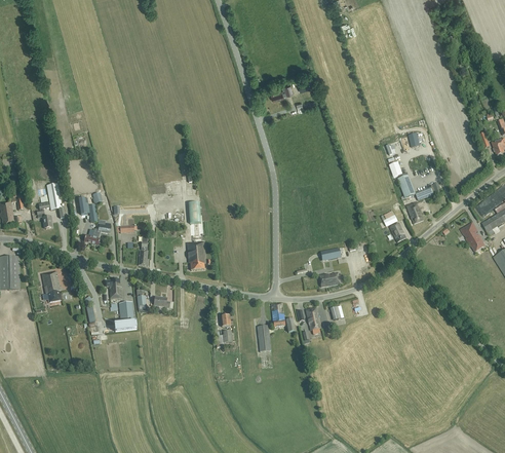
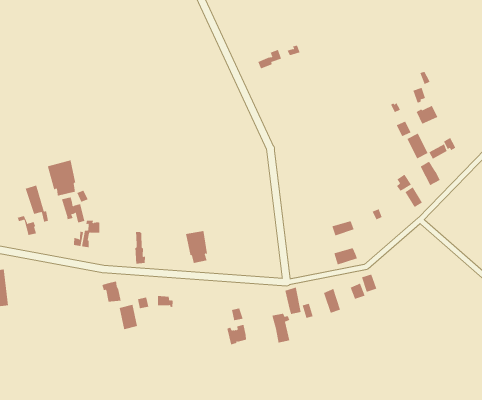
building: none -> [47,160,76,196]
building: [42,270,62,301] -> none

